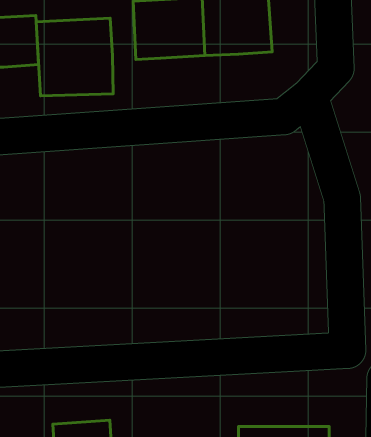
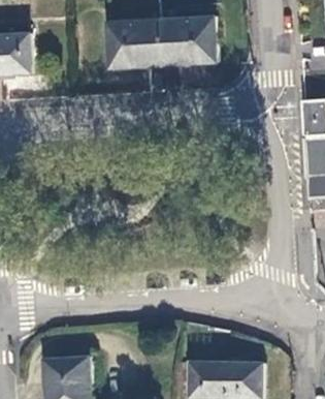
building: [36,18,113,96] -> none

